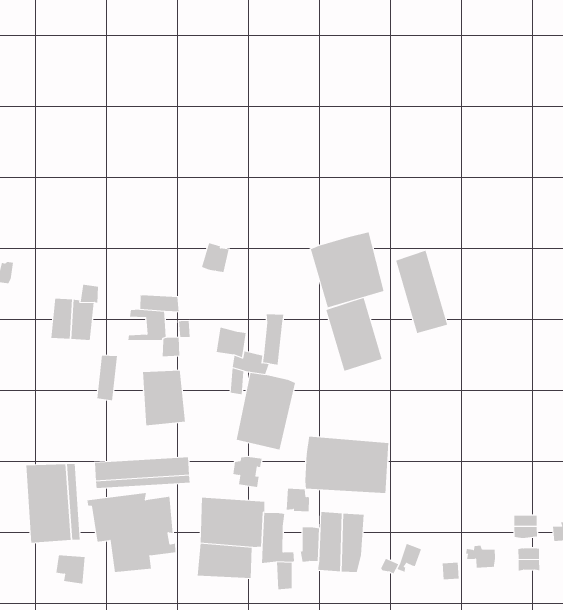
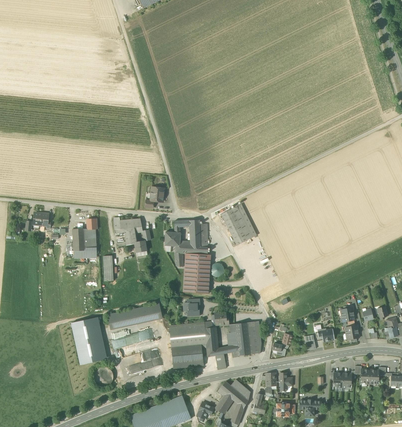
building: [310,232,384,308] -> none
building: [396,250,448,334] -> none
building: [142,370,185,426] -> none
building: [305,436,389,494] -> none

